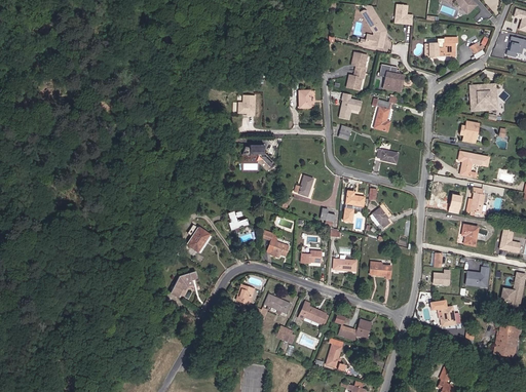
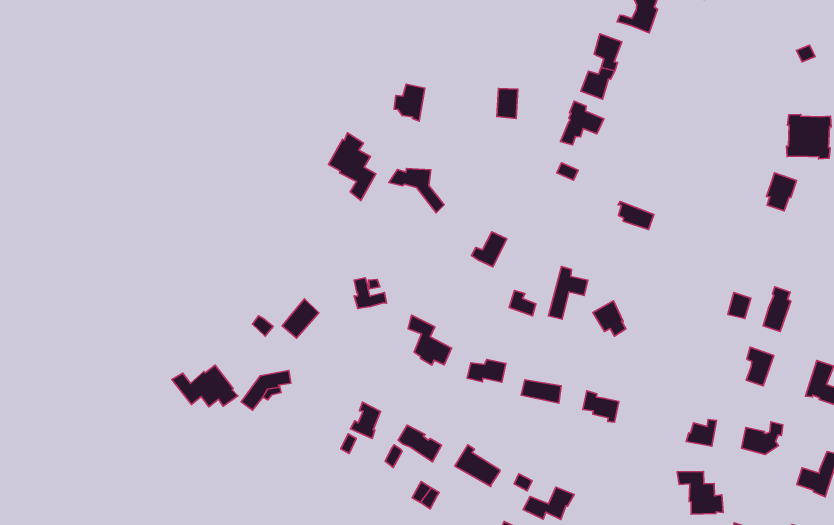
building: [428,38,457,57] -> none
building: [378,65,404,92] -> none
building: [372,99,390,131] -> none
building: none -> [328,133,376,200]
building: [458,152,488,178] -> none
building: none -> [172,365,238,407]

